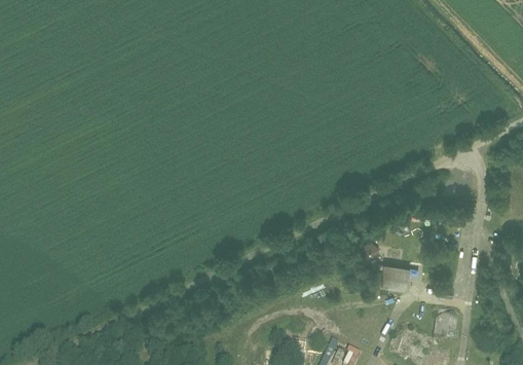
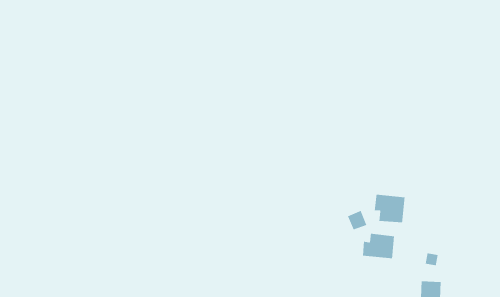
building: none -> [374,194,405,223]

